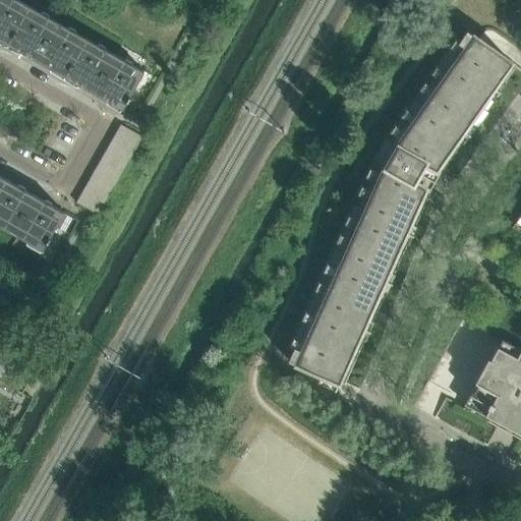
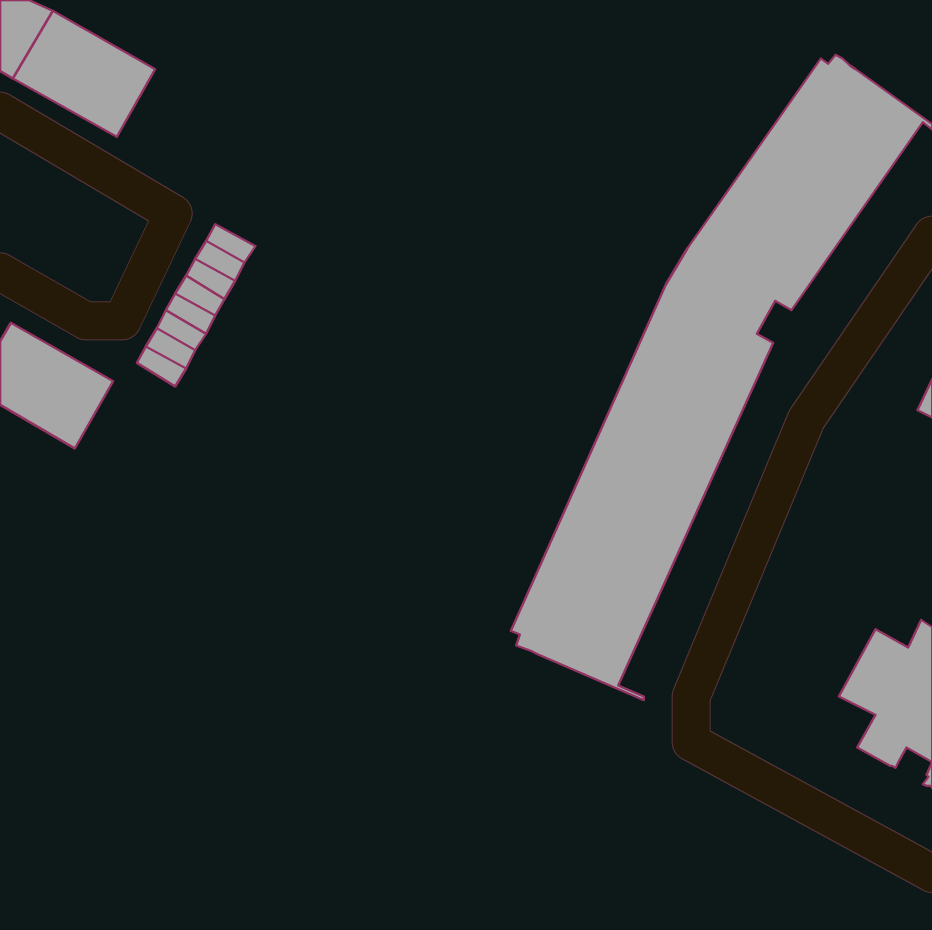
building: [65,40,143,110] -> none

